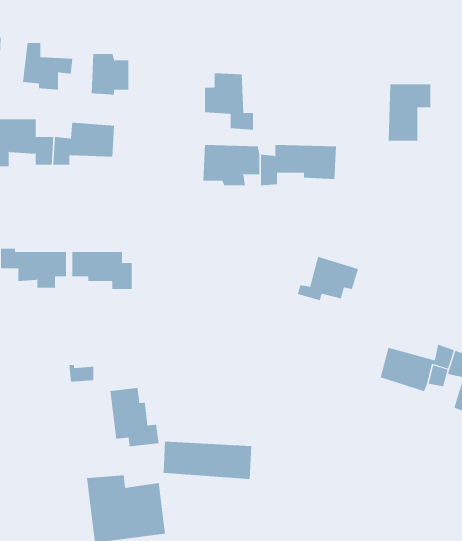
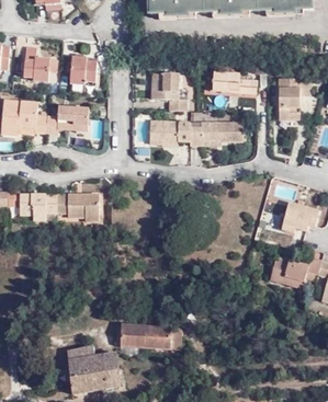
building: none -> [207,60,256,91]
building: [297,256,359,301] -> [275,202,318,232]
building: [110,387,159,447] -> none

